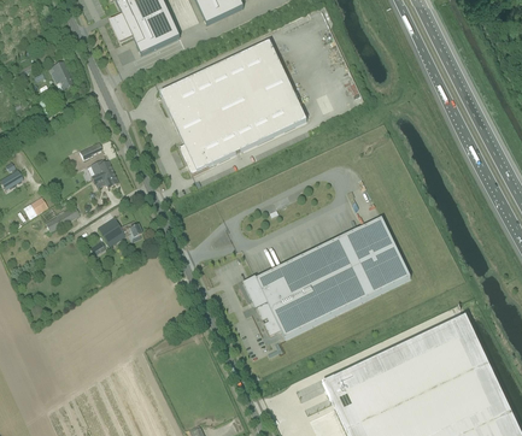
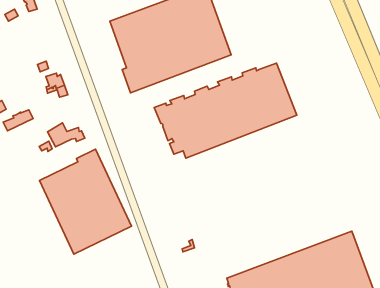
building: [241,217,410,337] -> [154,63,297,158]
building: none -> [39,149,131,254]

